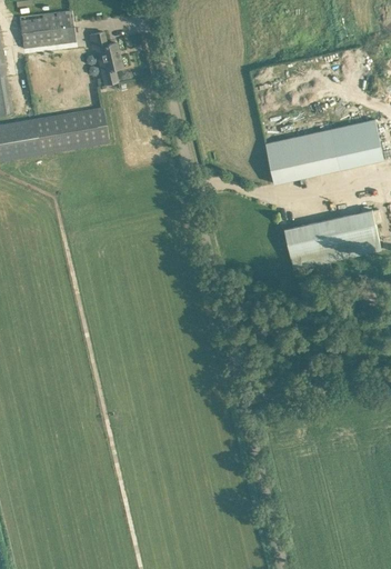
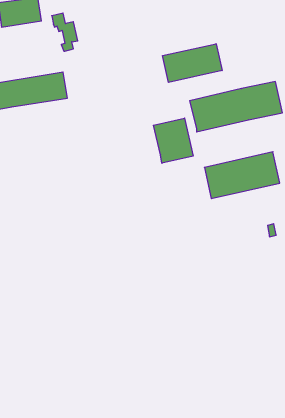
building: none -> [163,44,222,82]
building: none -> [153,118,193,163]

